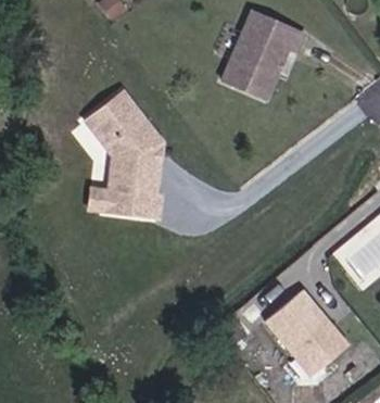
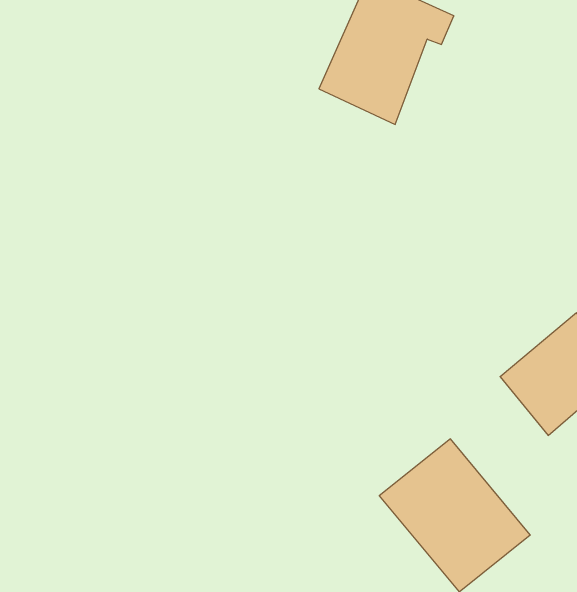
building: [84,95,164,218] -> none

